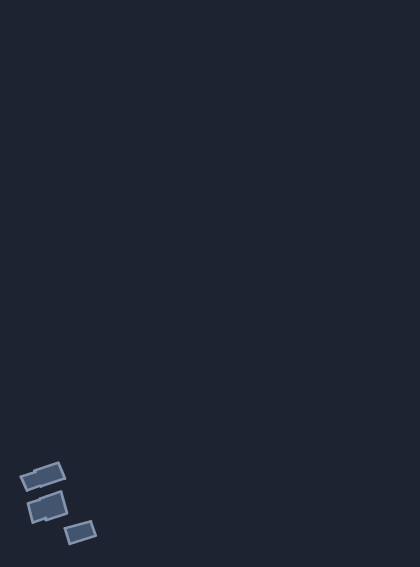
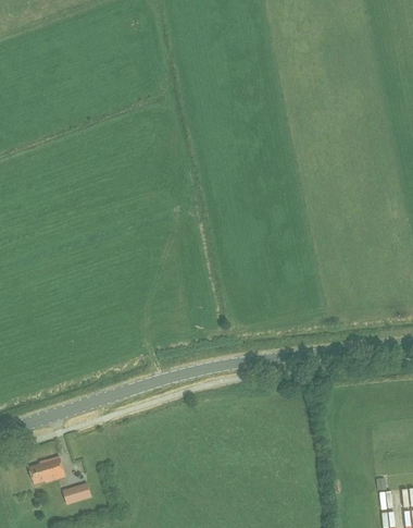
building: [21,463,65,491] -> none

